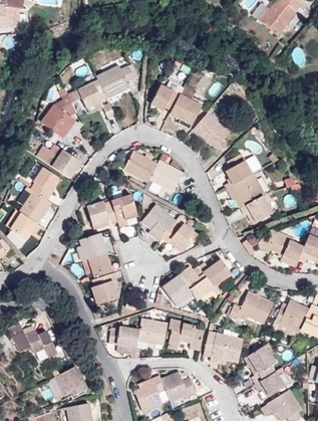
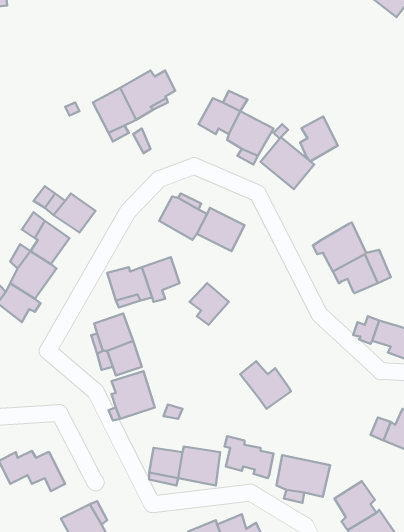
building: [43,96,77,139] -> none
building: [228,152,254,183] -> [300,117,338,161]
building: [162,225,193,250] -> none
building: [199,259,230,286] -> none
building: [163,276,192,305] -> none
building: [239,292,272,324] -> none

